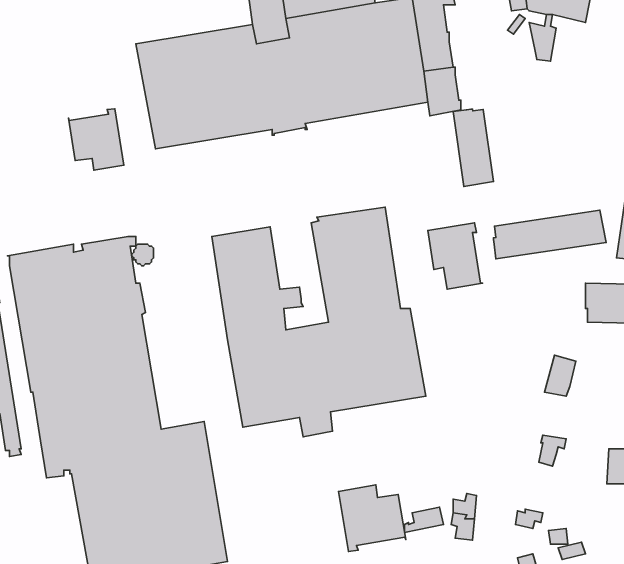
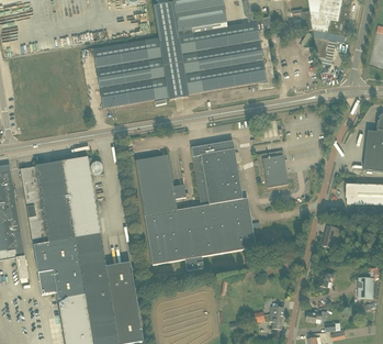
building: [68,109,124,170] -> none
building: [453,109,494,187] -> none
building: [493,210,606,259] -> none
building: [339,485,406,551] -> none

